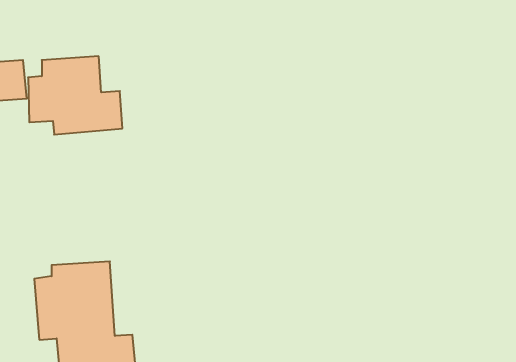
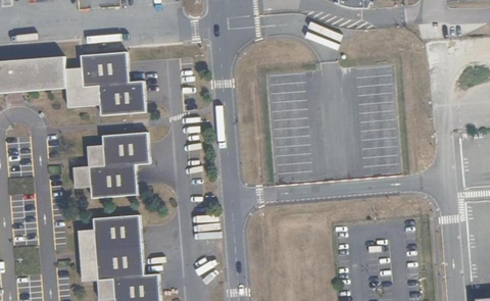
building: none -> [72,133,150,199]

